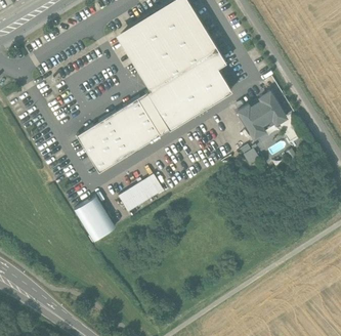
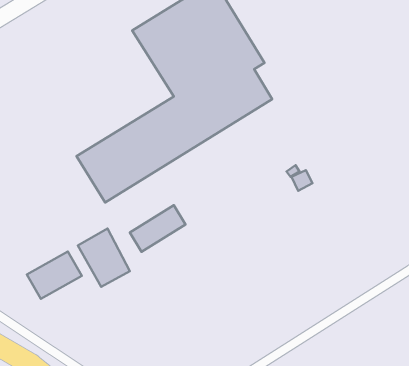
building: [237,91,285,137] -> none
building: none -> [27,252,82,299]

